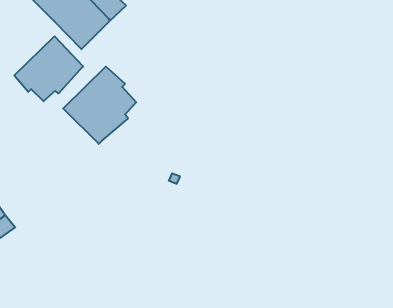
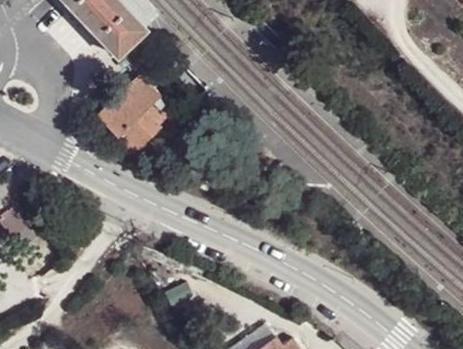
building: [14,36,83,101] -> none

